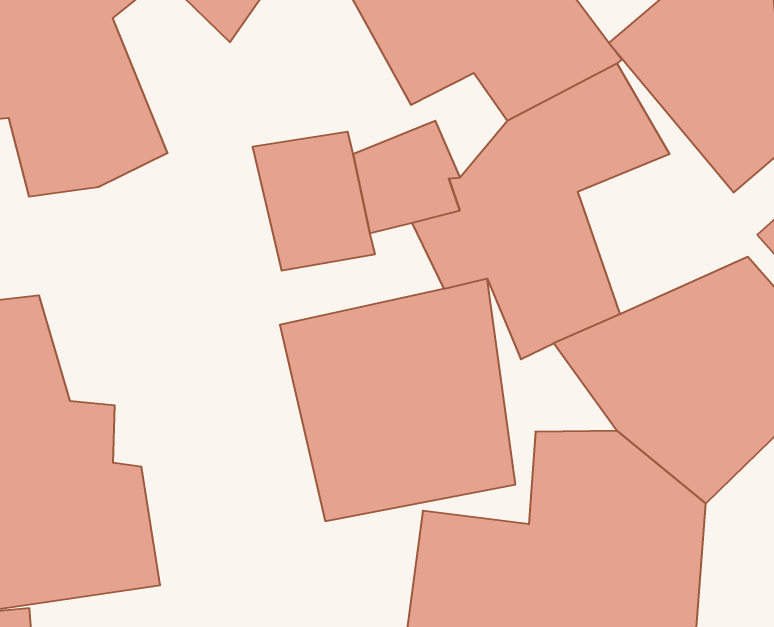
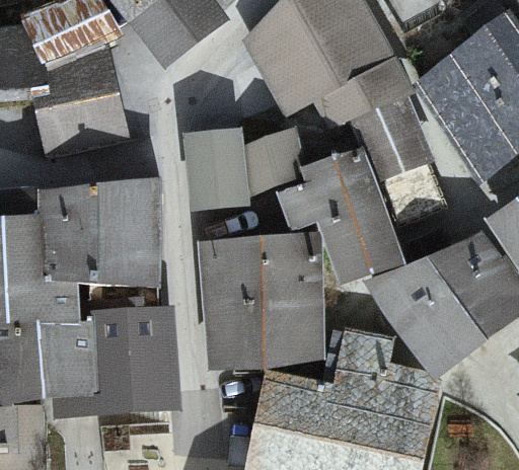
building: none -> [40,182,165,285]
building: none -> [96,306,176,416]

